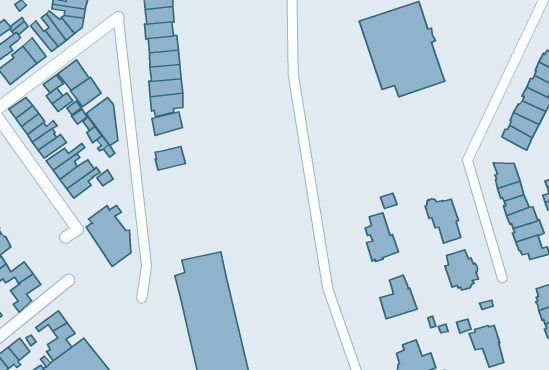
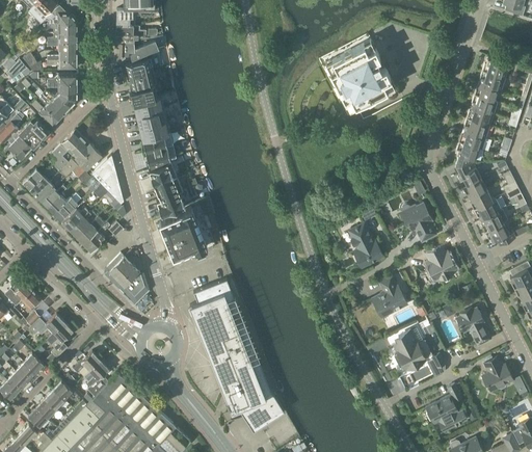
building: none -> [155,176,183,200]
building: none -> [455,142,479,166]
building: none -> [161,216,208,254]

